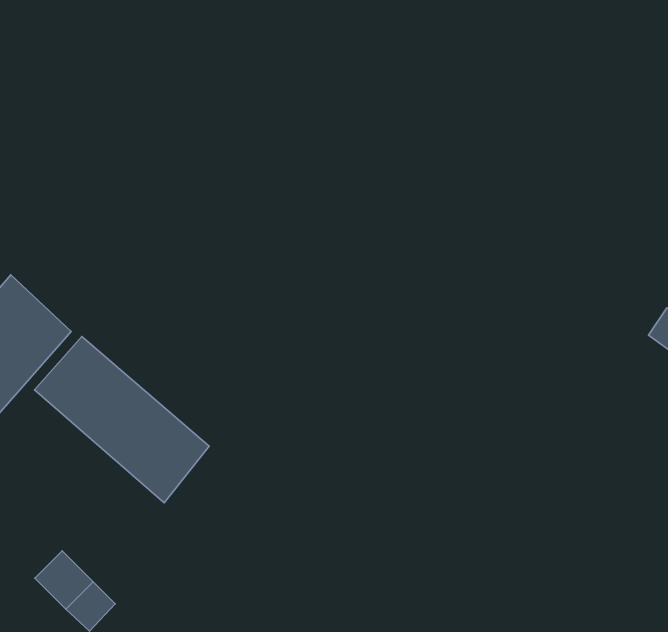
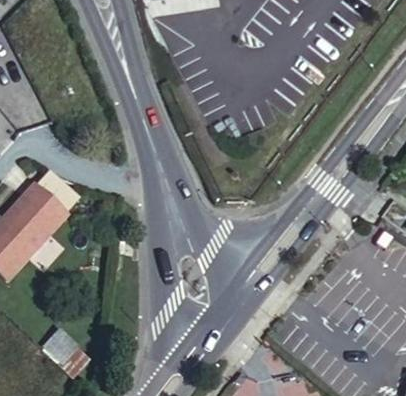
building: [34,337,209,503] -> none

